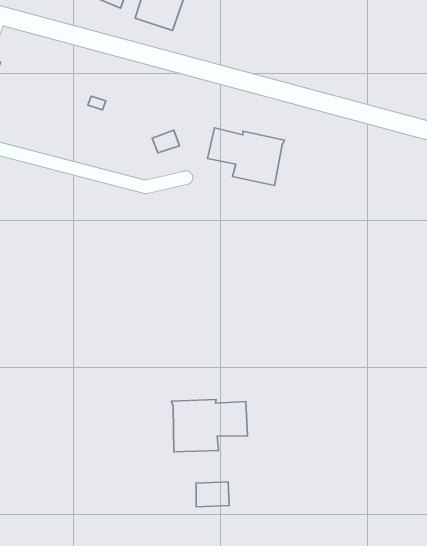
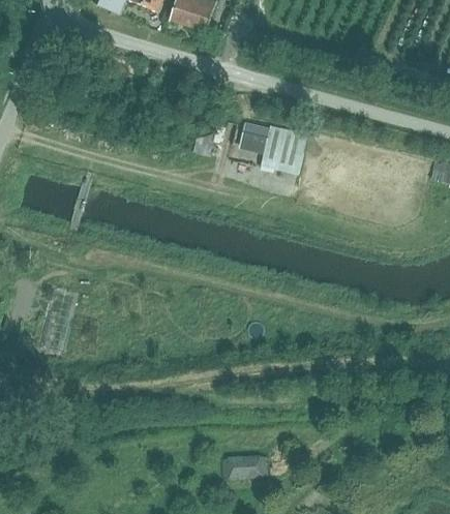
building: [172,400,247,452] -> none

